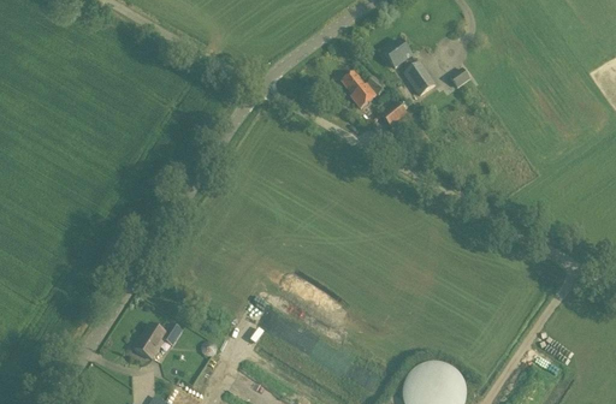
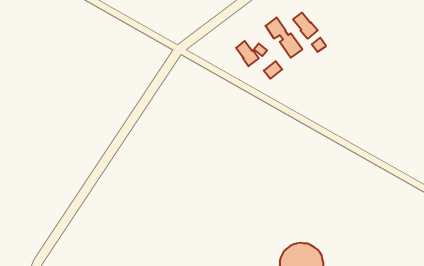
building: none -> [293,13,318,39]
building: [132,322,180,358] -> none

